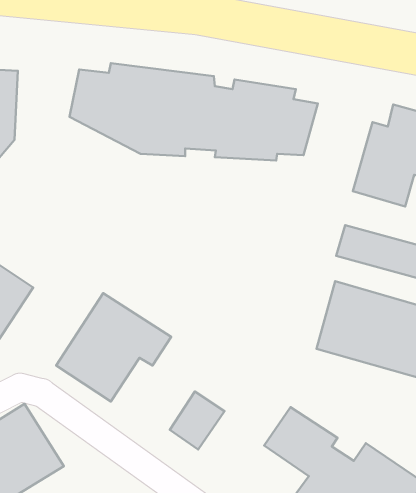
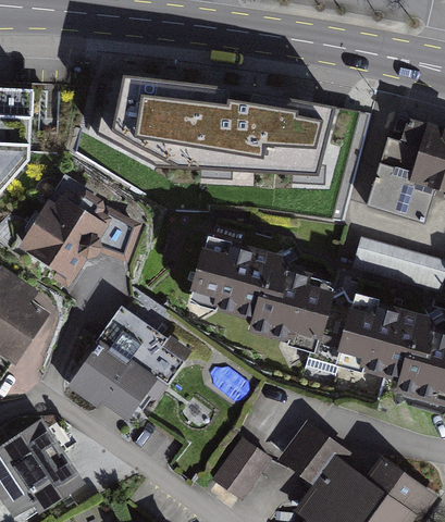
building: none -> [25,191,107,273]
building: none -> [186,239,334,340]
building: [170,392,225,450] -> [214,438,269,496]

